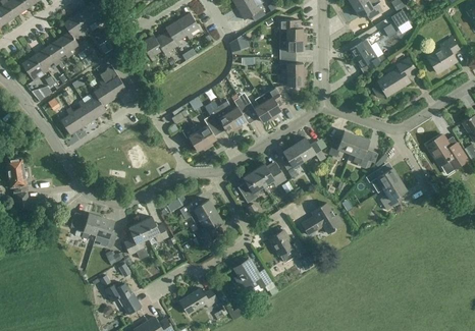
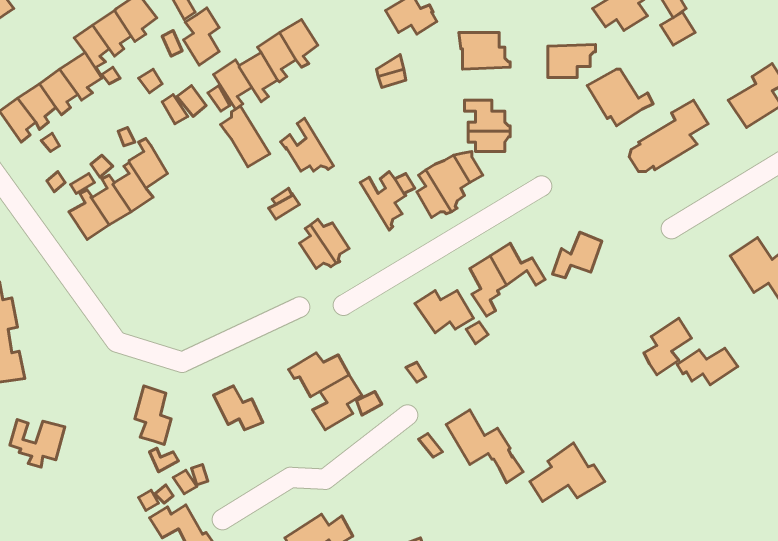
building: none -> [184,8,219,65]
building: [278,39,305,57] -> [548,44,596,77]
building: [99,64,126,98] -> [220,106,270,167]
building: [208,103,238,132] -> [281,118,334,171]
building: [350,135,370,168] -> none
building: [365,168,399,188] -> [677,348,738,385]
building: [236,170,263,202] -> none
building: [301,202,342,234] -> [530,443,605,502]
building: [70,212,101,238] -> [10,420,65,467]
building: [123,221,148,259] -> none
building: [234,258,272,289] -> none

